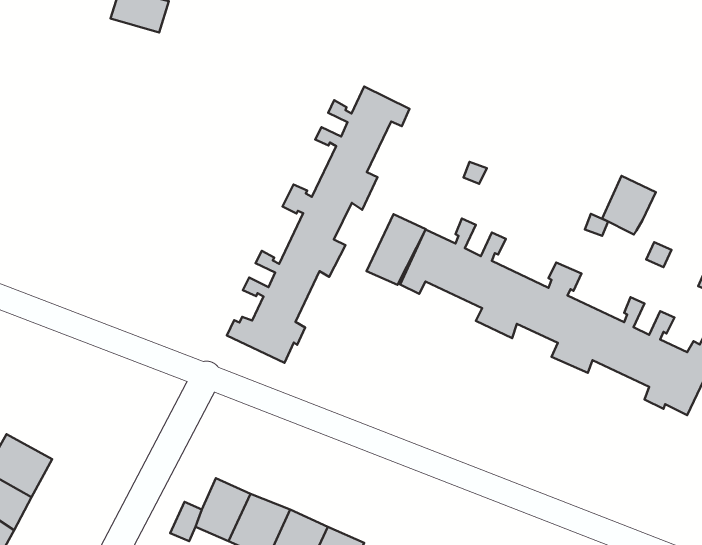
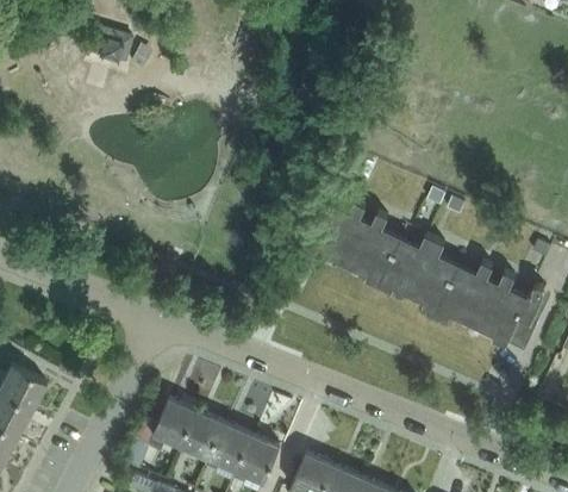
building: [227,87,410,363] -> none
building: [602,176,656,234] -> none
building: [366,214,426,285] -> none

